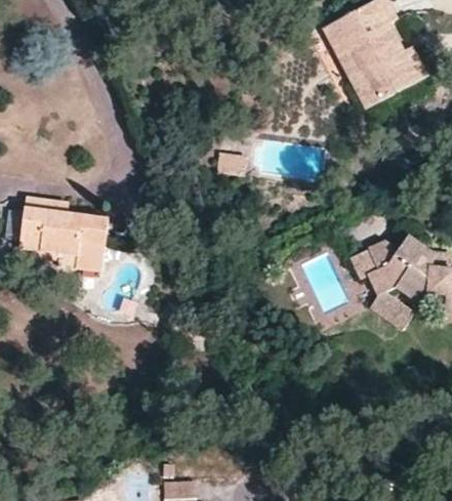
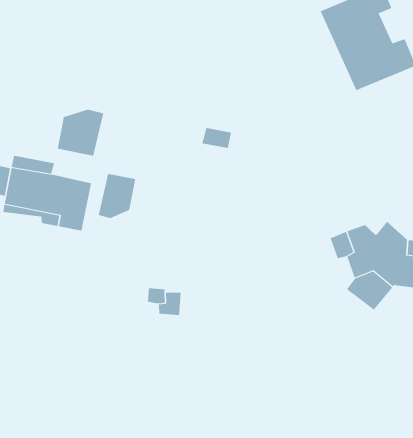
building: none -> [57,109,104,156]
building: none -> [98,173,136,219]

